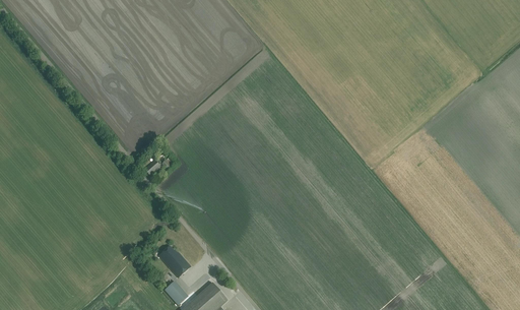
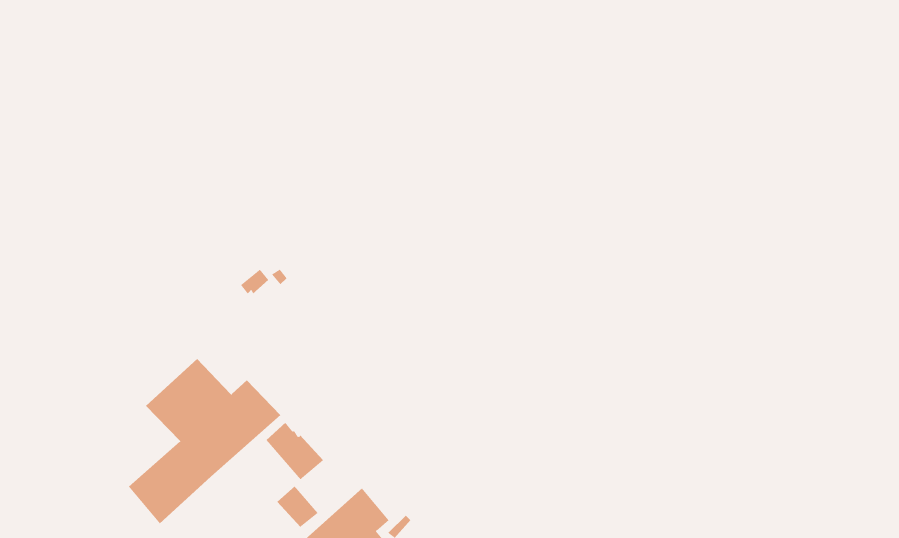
building: none -> [128,358,281,524]

